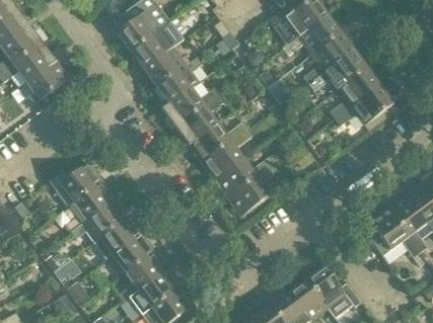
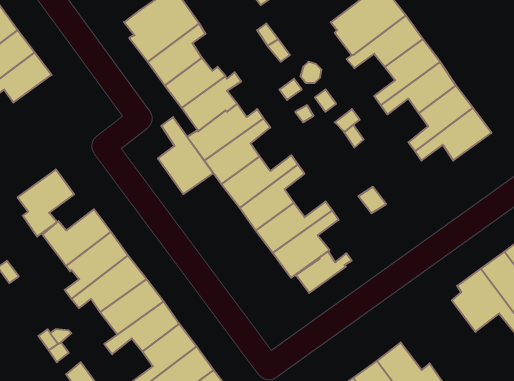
building: [26,60,70,111] -> [18,169,74,237]
building: none -> [158,117,213,194]
building: none -> [295,251,352,293]

